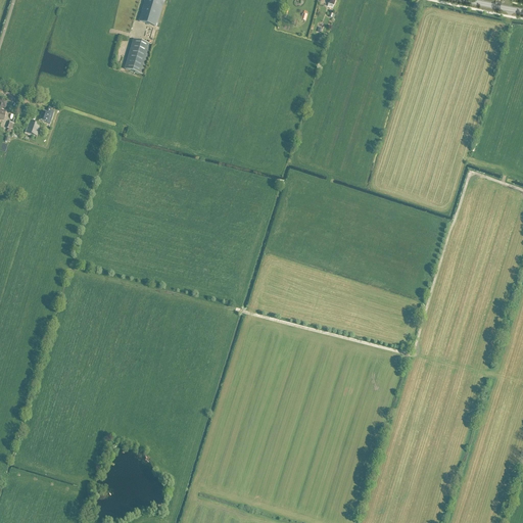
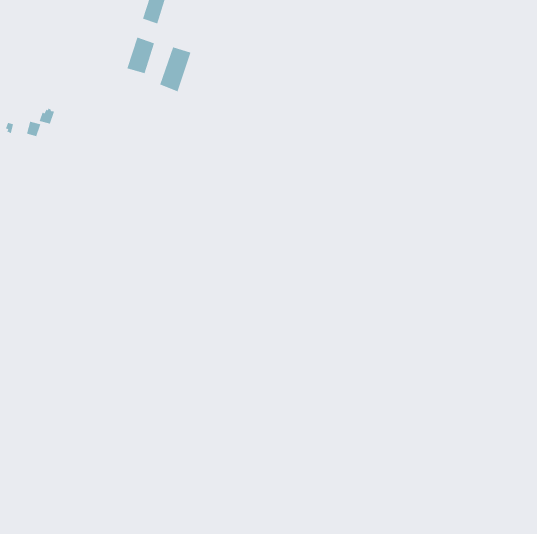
building: none -> [160,47,191,92]

